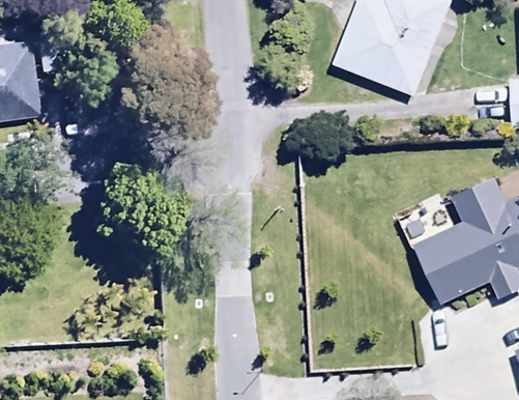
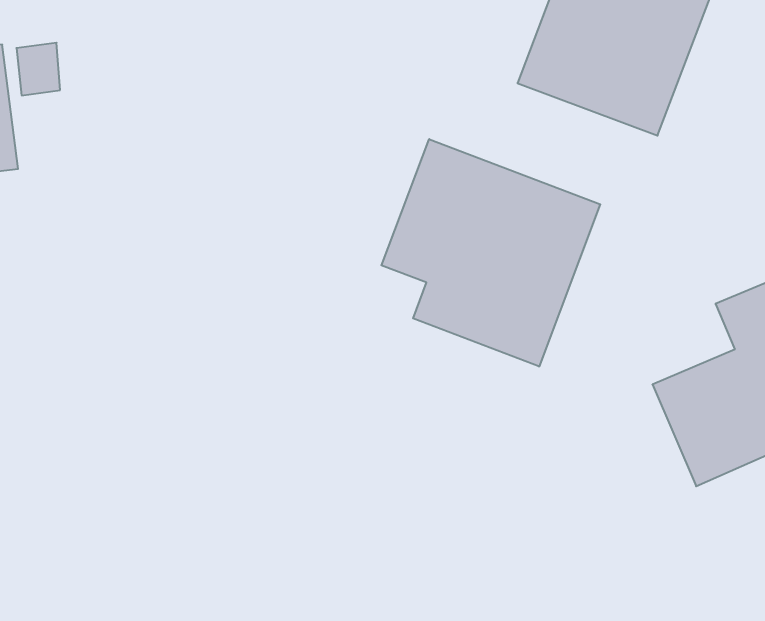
building: none -> [381,139,600,367]

